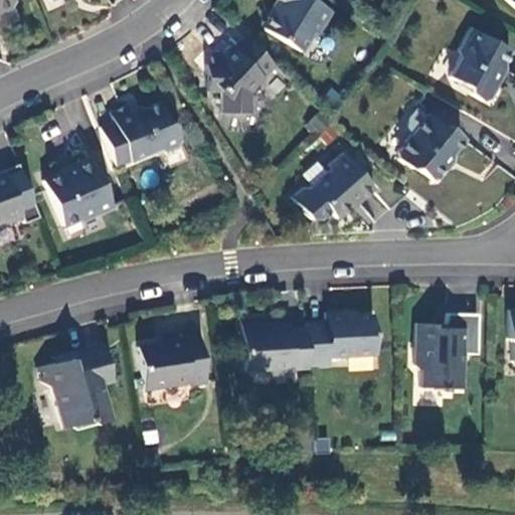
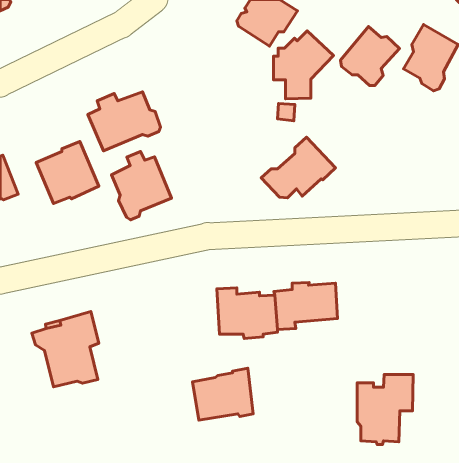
building: [210,36,277,112] -> [274,31,334,99]
building: [401,115,467,180] -> [340,27,399,86]
building: none -> [111,151,172,220]
building: [420,313,483,390] -> [357,375,413,444]
building: [141,333,208,390] -> [193,368,253,420]

